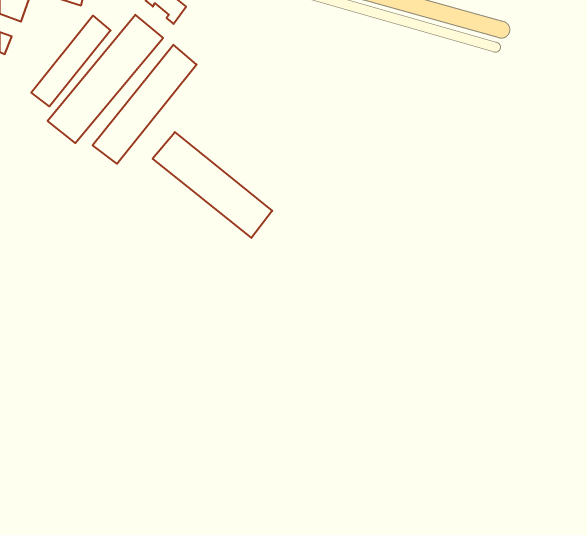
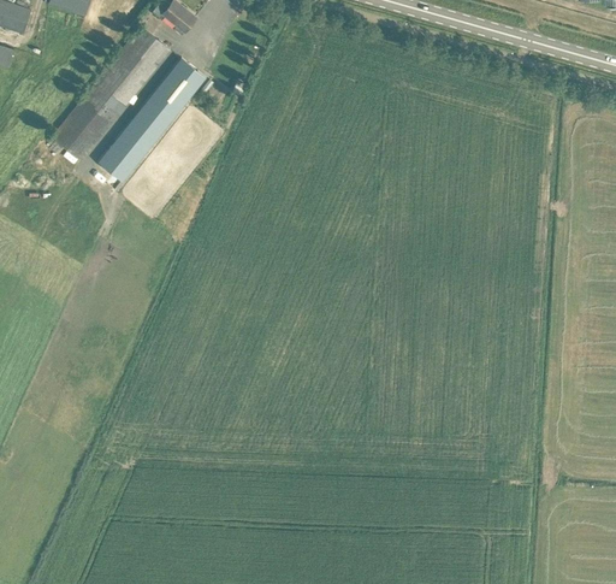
building: [31,16,111,106] -> none
building: [153,132,272,238] -> none

